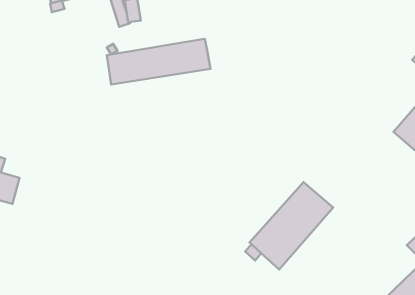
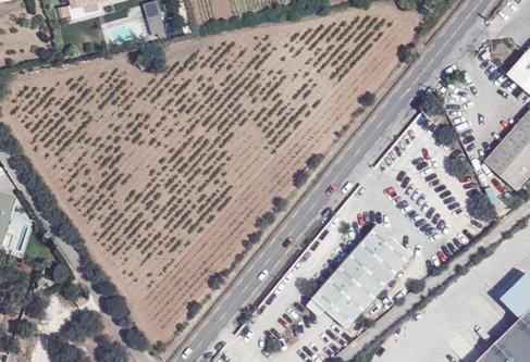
building: [107,39,210,85] -> none

